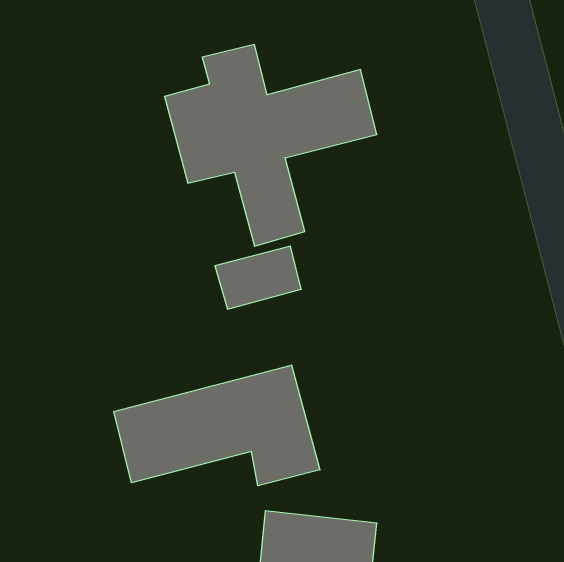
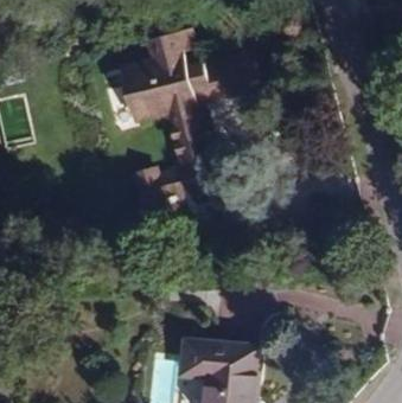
building: [114,365,320,486] -> none

